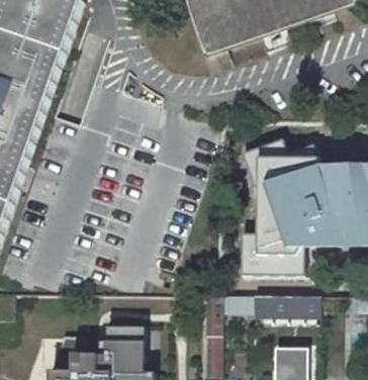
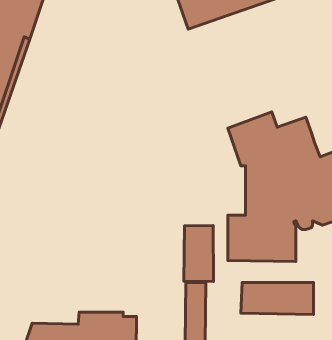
building: none -> [184,225,213,281]

